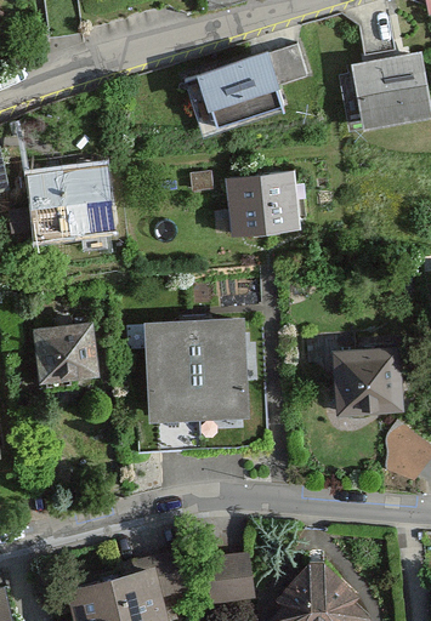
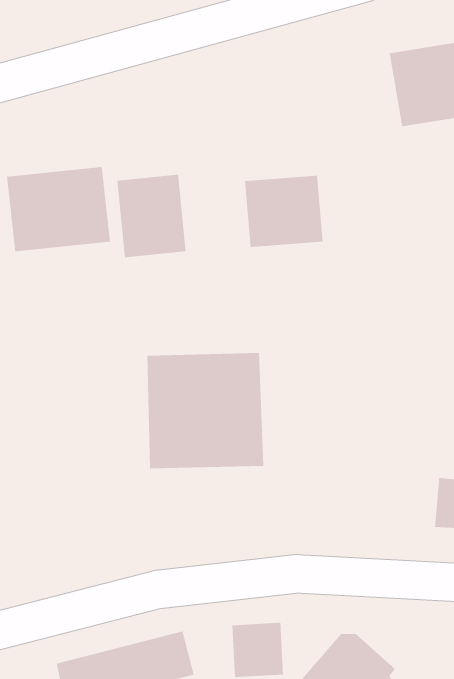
building: [199,49,307,126] -> none
building: none -> [117,174,186,258]
building: [32,324,91,383] -> none
building: [333,347,398,412] -> none

